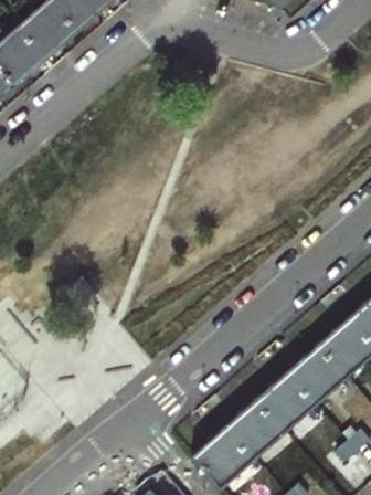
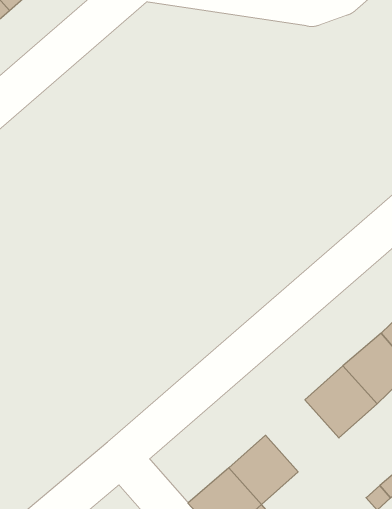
building: [254,372,314,431] -> none

